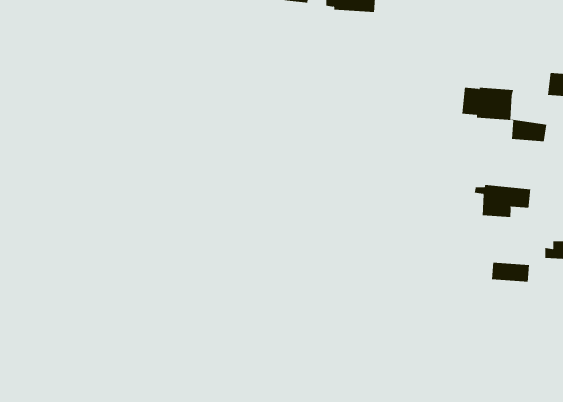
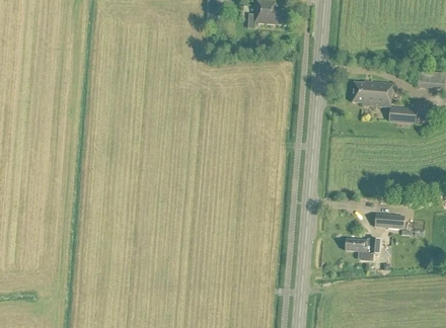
building: [474,184,531,218] -> none
building: none -> [345,239,380,254]

